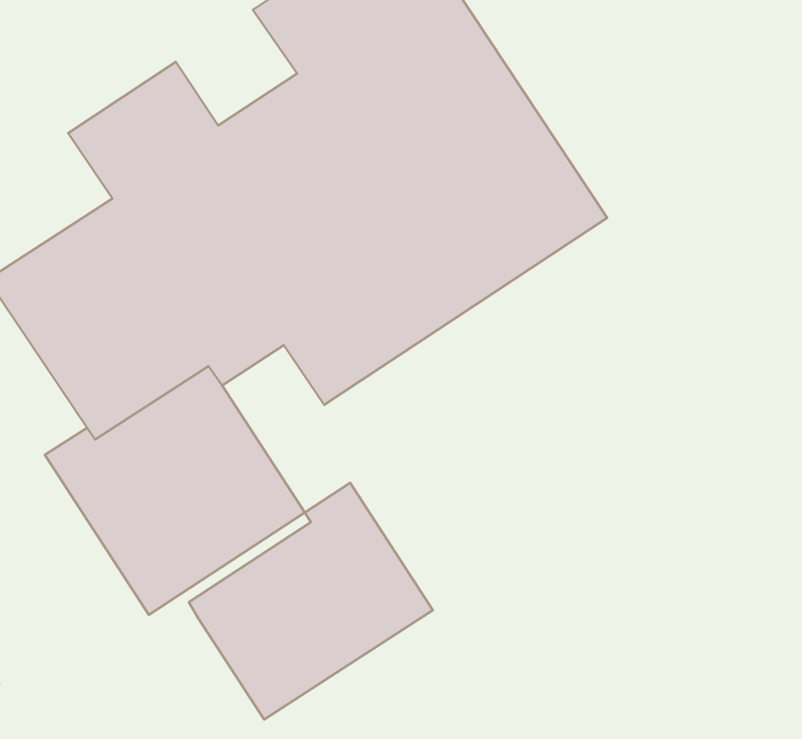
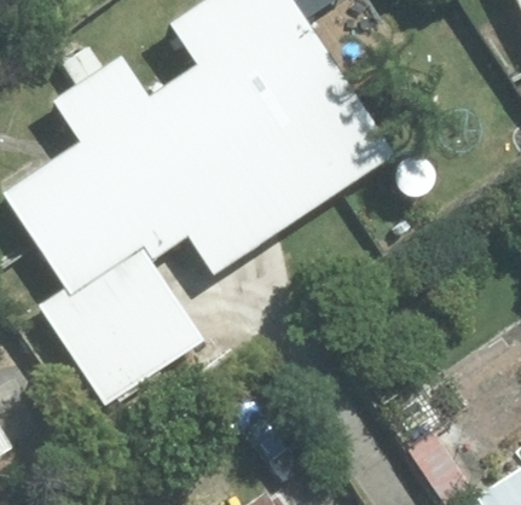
building: [189,483,433,720] -> none

